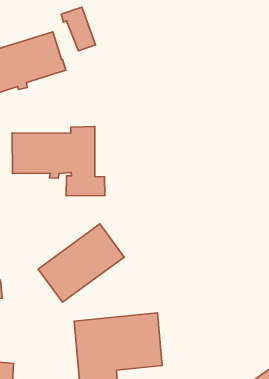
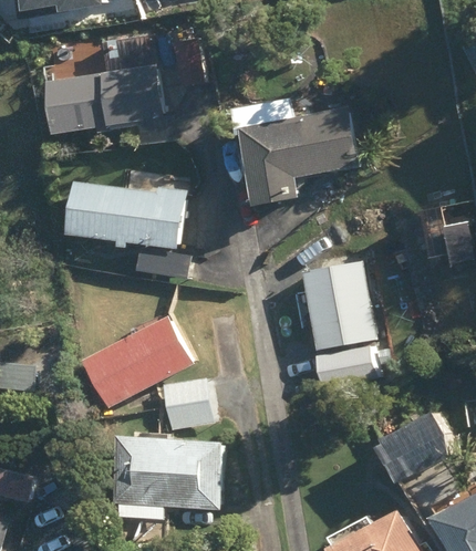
building: none -> [238,100,354,199]
building: none -> [289,262,373,377]
building: none -> [161,380,210,430]

